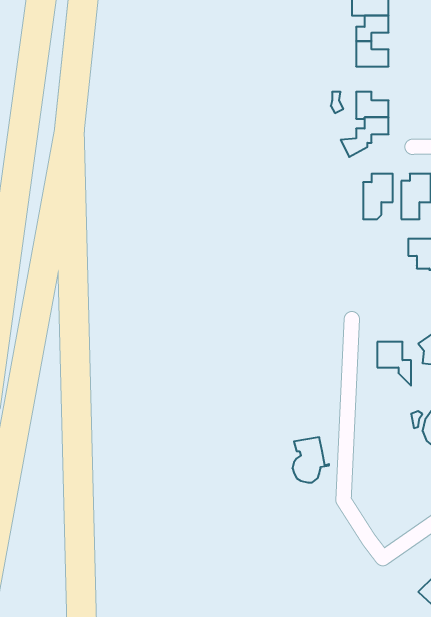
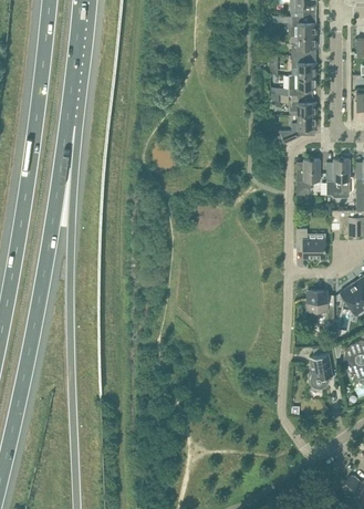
building: none -> [289,75,316,95]
building: none -> [297,229,325,258]
building: [292,437,329,482] -> [308,353,336,388]

